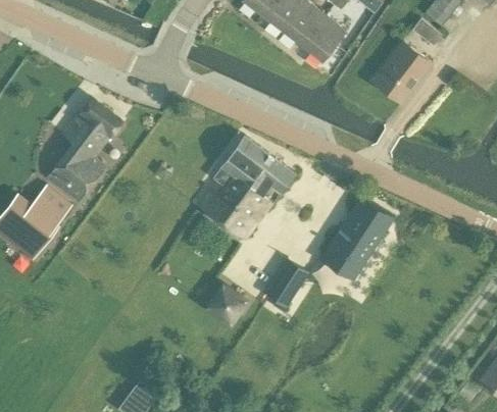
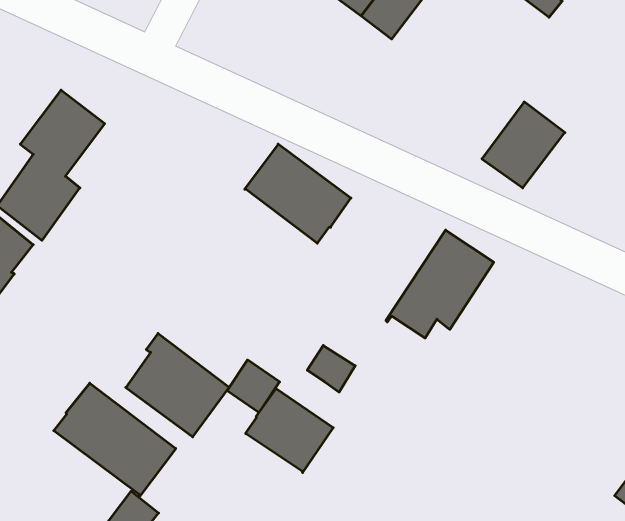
building: [372,42,431,102] -> [482,102,565,188]
building: [198,166,270,239] -> [126,333,229,437]
building: none -> [54,383,176,496]
building: none -> [246,389,333,473]

